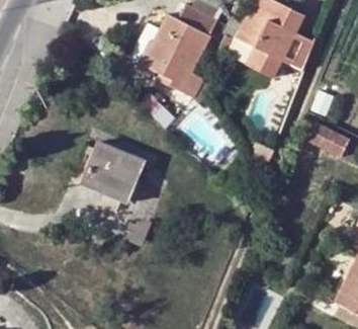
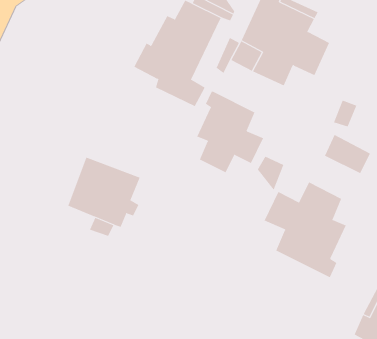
building: none -> [196,91,264,173]
building: none -> [264,182,347,278]

